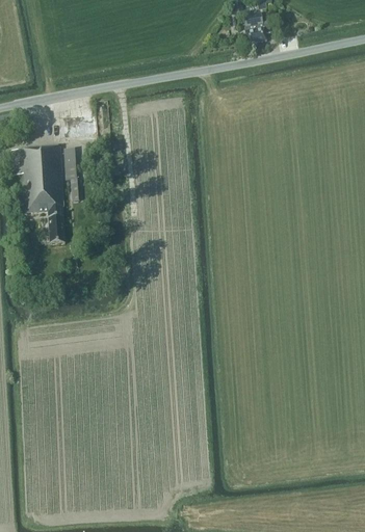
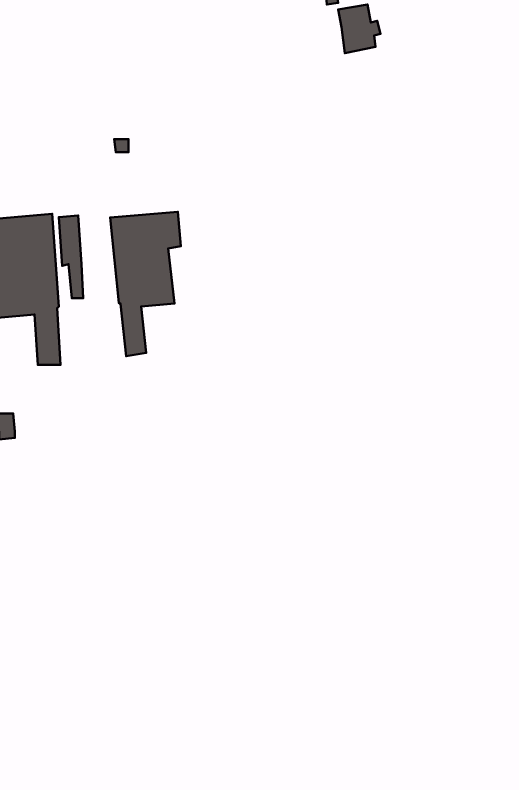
building: none -> [110,212,181,356]

